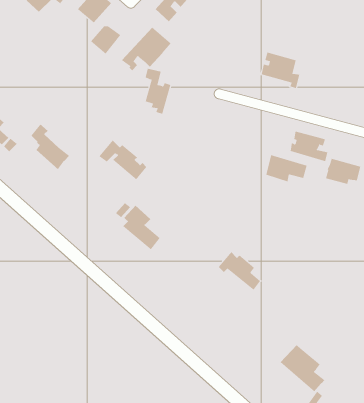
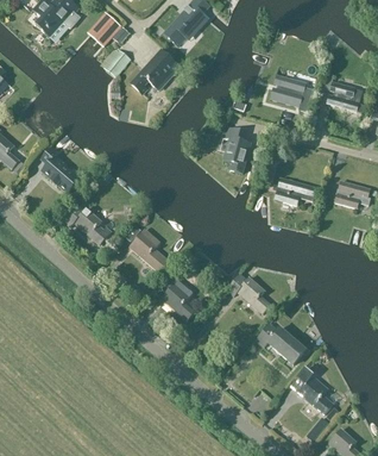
building: [145,68,171,115] -> [223,126,250,173]
building: [290,131,328,162] -> [327,82,365,113]
building: [98,140,147,180] -> [62,204,111,244]
building: none -> [164,283,195,319]
building: none -> [256,323,305,363]

